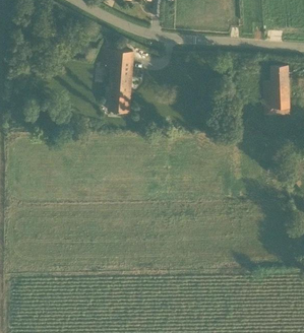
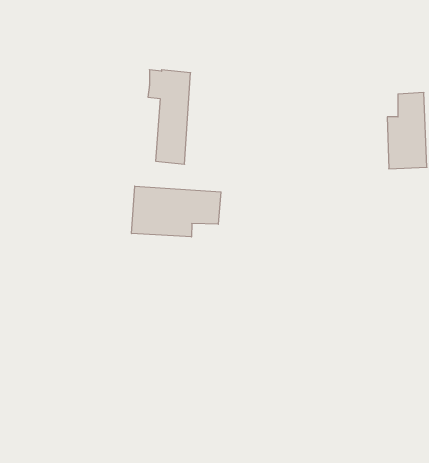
building: none -> [132,186,221,237]

